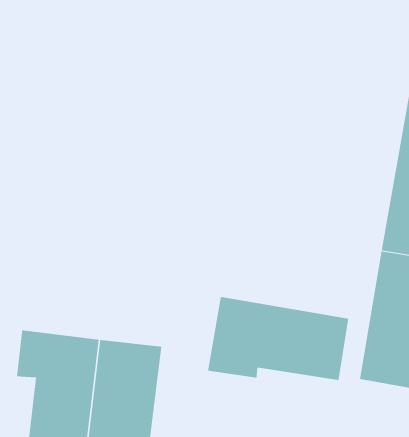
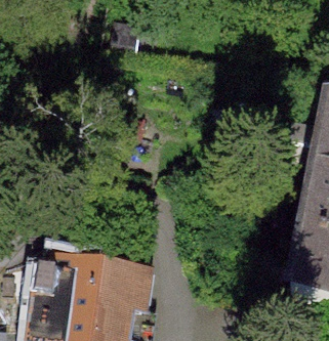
building: [207,296,349,381] -> none

